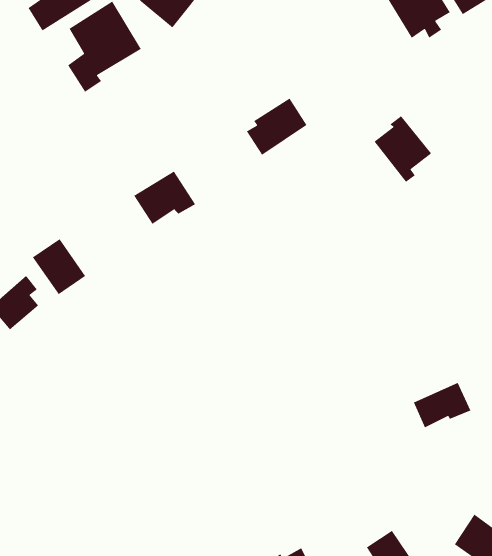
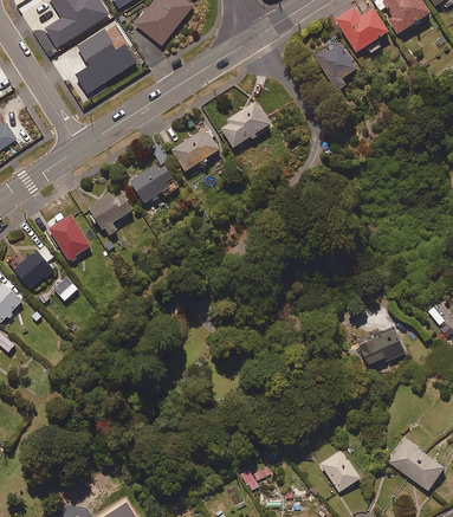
building: [373,115,432,183] -> [310,37,357,91]
building: none -> [173,131,221,172]
building: none -> [90,190,134,237]

